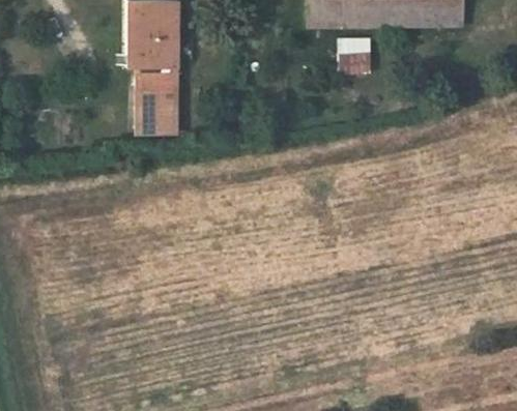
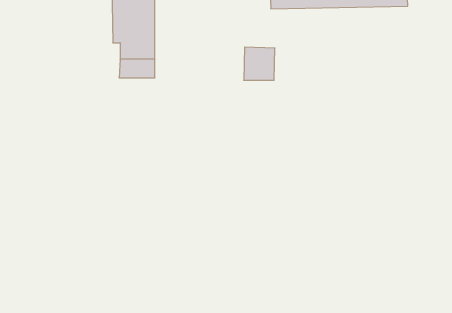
building: [337,35,372,72] -> [244,47,275,80]
building: [137,105,177,131] -> none

